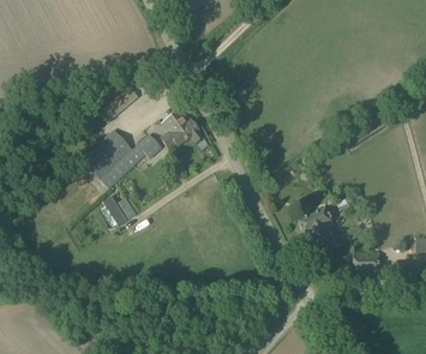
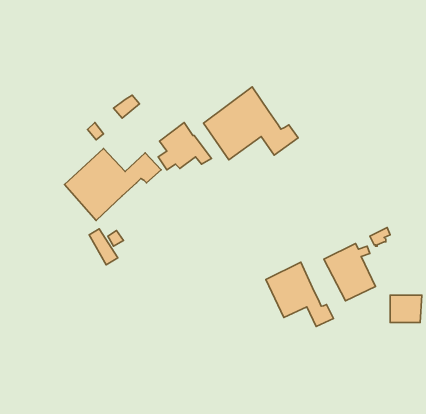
building: none -> [204,87,298,160]
building: none -> [266,262,333,327]

